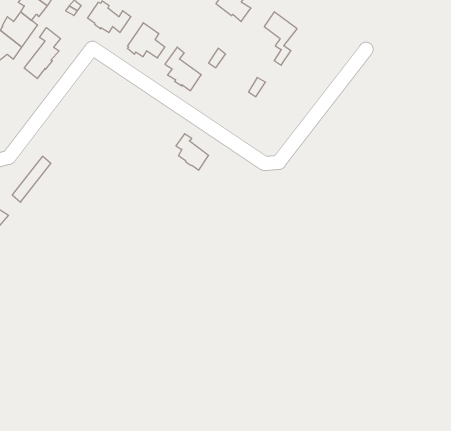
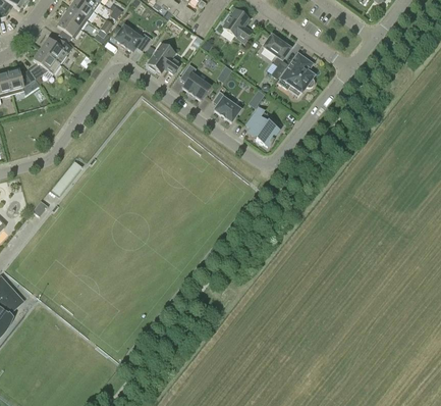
building: [24,28,61,79] -> none
building: none -> [277,52,314,92]
building: none -> [245,105,278,146]
building: [176,134,209,170] -> [212,90,239,120]

